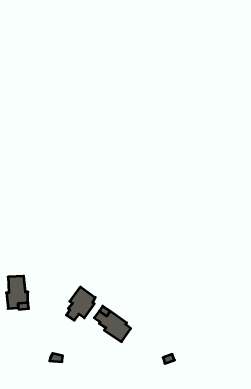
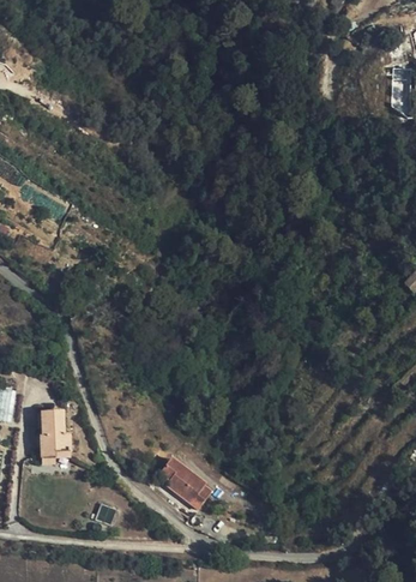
building: [66,287,95,320] -> none

